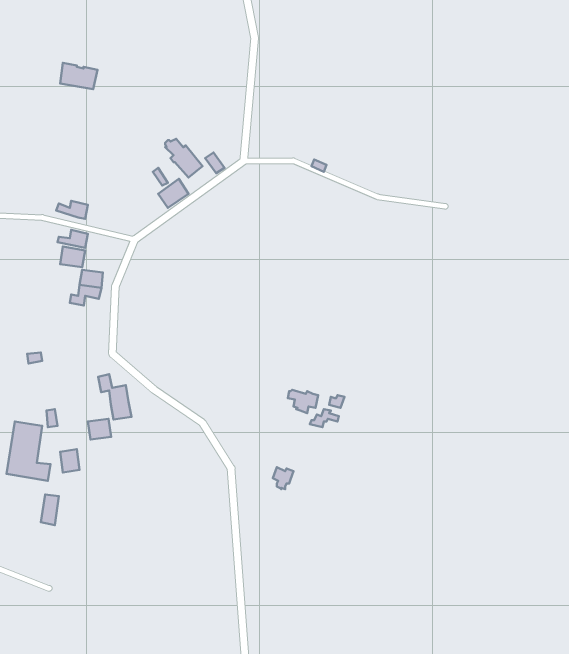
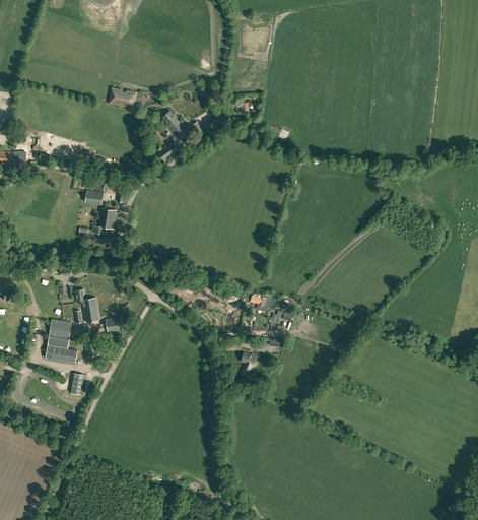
building: [60,63,97,89] -> [111,87,138,107]
building: [98,374,131,420] -> [75,288,99,322]

